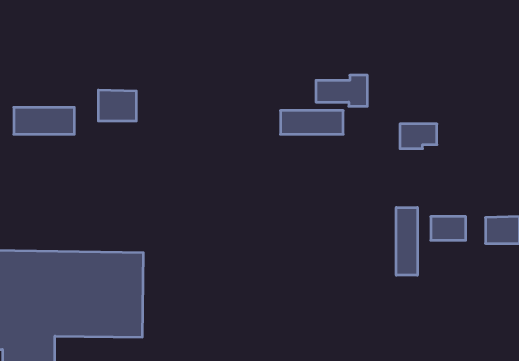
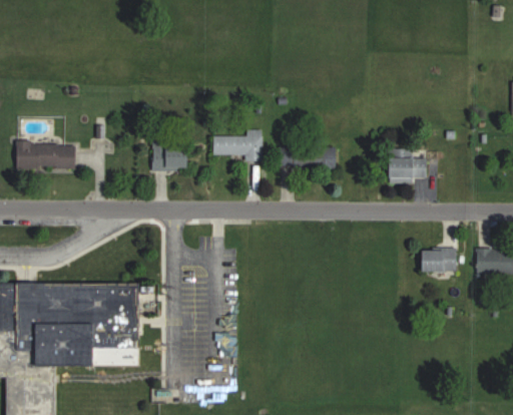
building: [316,75,367,106] -> [211,130,262,160]
building: [98,90,136,121] -> [151,141,188,171]
building: [396,207,417,275] -> none

